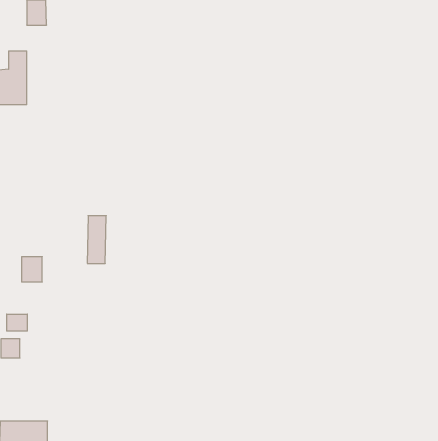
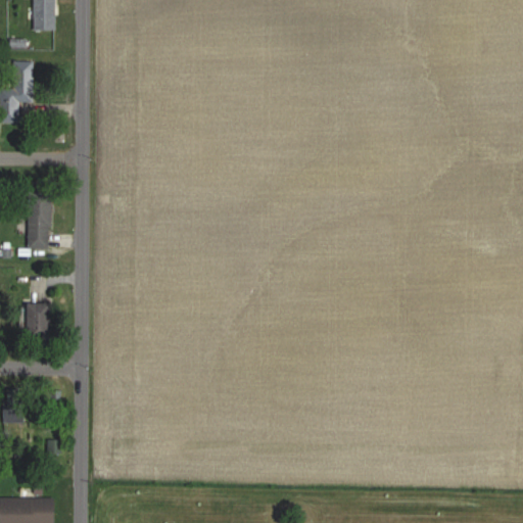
building: [87,216,106,263] -> [27,193,49,249]
building: [7,314,27,331] -> none

